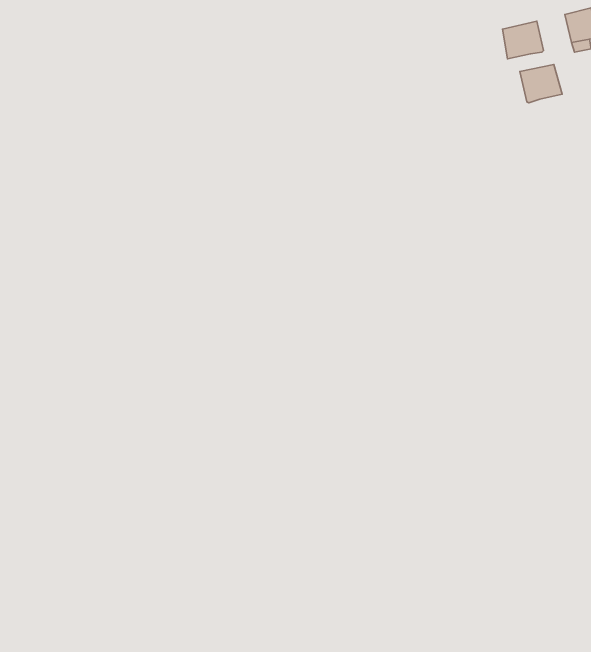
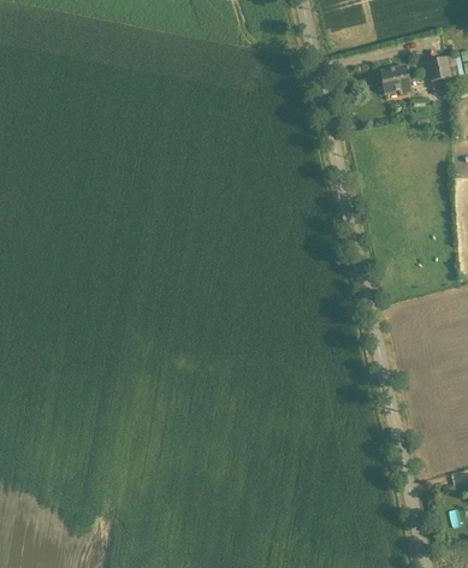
building: [520,64,562,103] -> none

